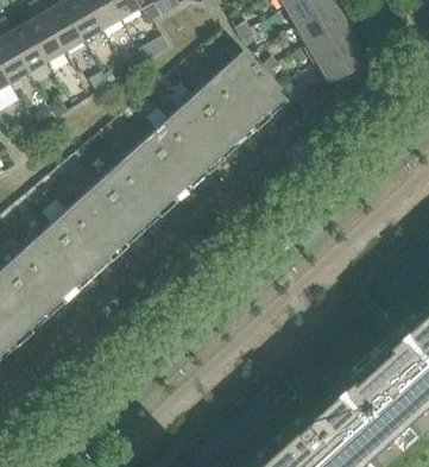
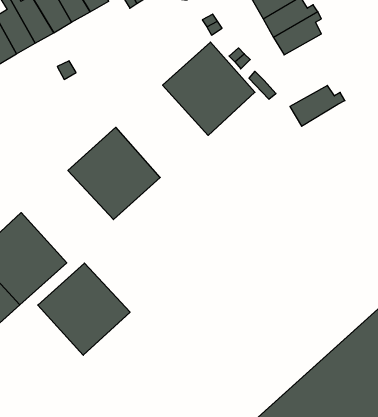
building: [317,42,373,83] -> [290,85,345,126]
building: [146,94,240,188] -> none
building: [50,181,144,274] -> [38,263,130,355]

